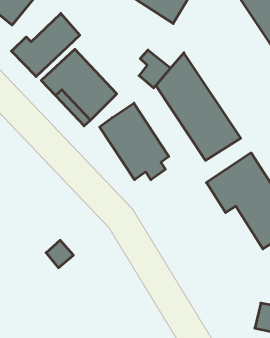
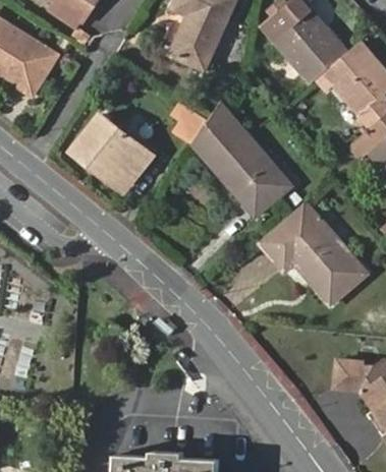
building: [11,13,80,77] -> none
building: [100,103,169,180] -> none

